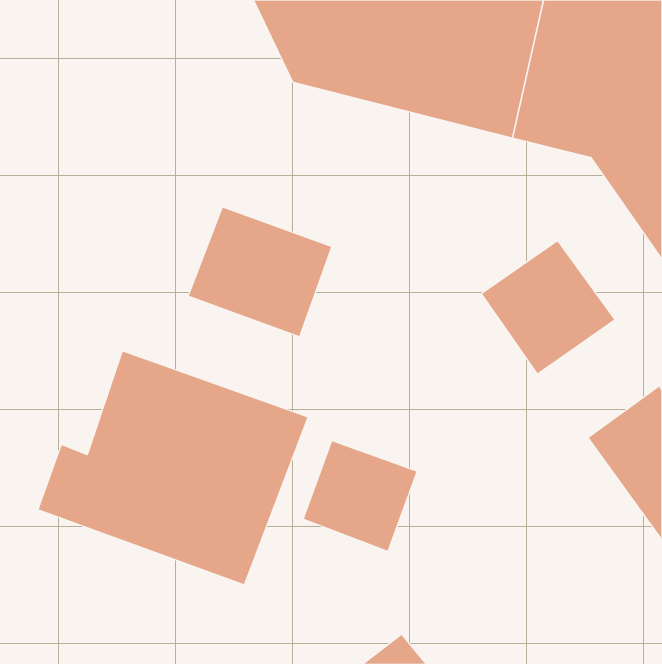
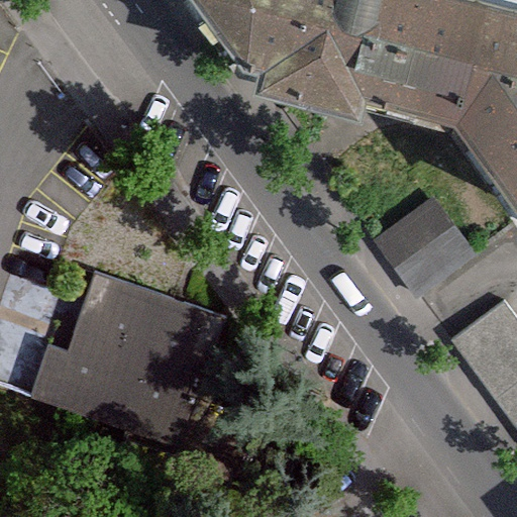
building: [188,207,332,337] -> none
building: [303,440,417,551] -> none

